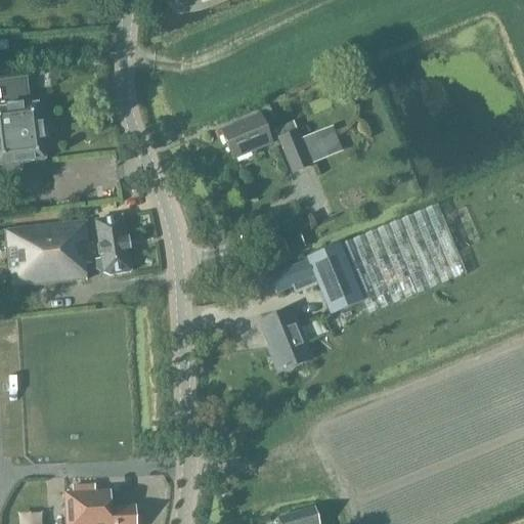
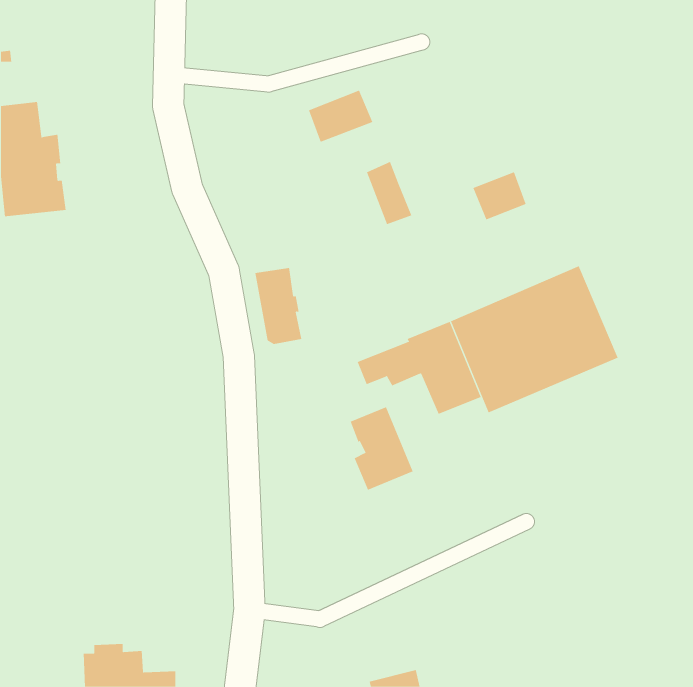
building: [222,114,271,154] -> [308,90,373,143]
building: [301,126,342,163] -> [472,172,527,220]
building: [95,213,131,271] -> [255,267,302,345]
building: [4,218,92,285] -> none

